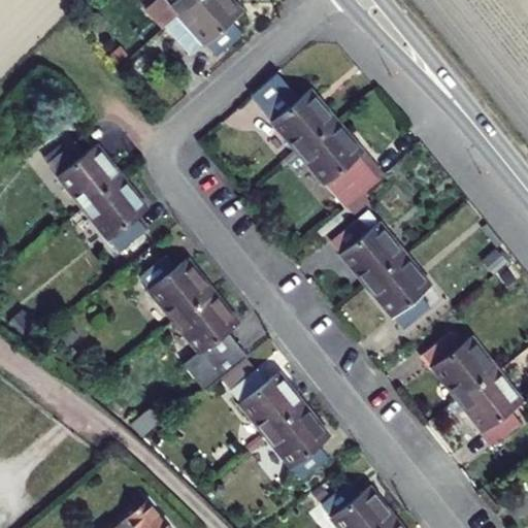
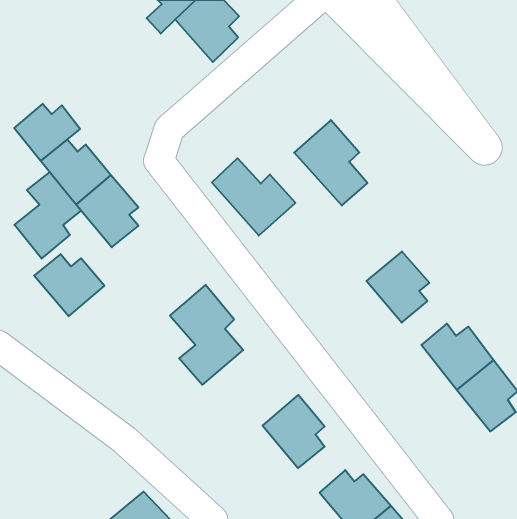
building: [251,77,335,156] -> [212,158,295,236]
building: none -> [14,104,80,161]
building: none -> [14,172,81,259]
building: [335,222,407,286] -> none
building: [137,258,208,321] -> [34,254,104,316]
building: [230,367,302,432] -> none

